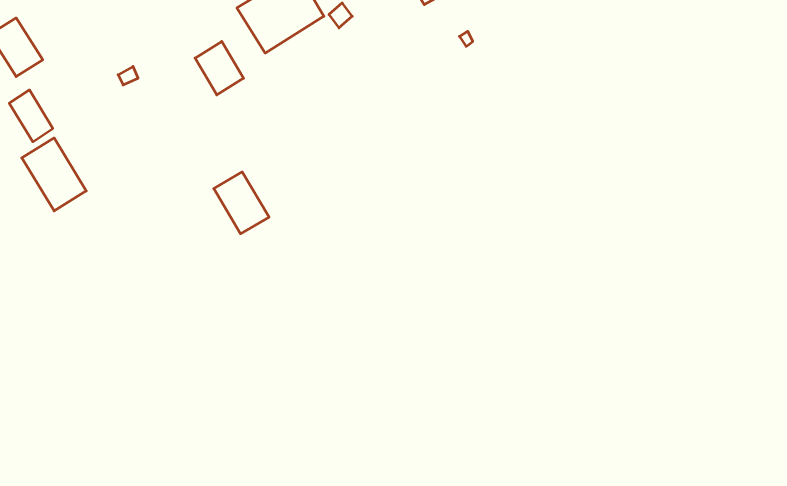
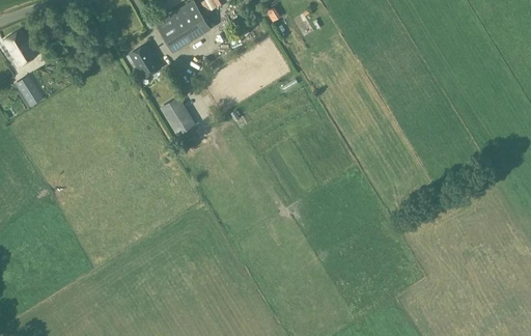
building: [22,138,86,211] -> none
building: [214,172,269,234] -> [161,95,195,134]

